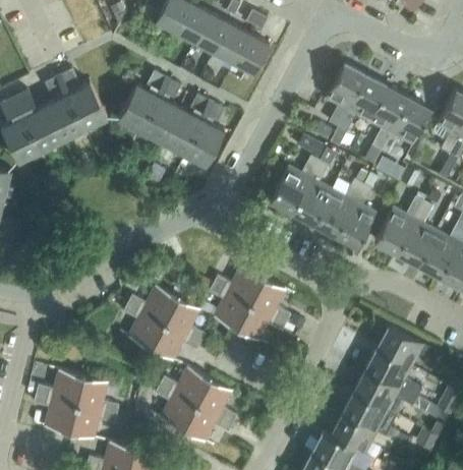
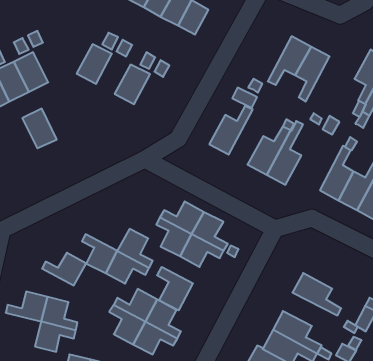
building: [325,65,364,128] -> none
building: [67,83,107,129] -> [22,109,57,148]
building: [139,97,179,142] -> none
building: [381,100,430,156] -> none
building: [183,120,223,166] -> none
building: [292,161,332,224] -> none
building: [374,197,423,253] -> none
building: [127,286,178,324] -> [42,253,86,285]
building: [378,328,441,367] -> none
building: none -> [157,267,193,310]
building: [354,371,417,410] -> none
building: [34,395,76,433] -> none

